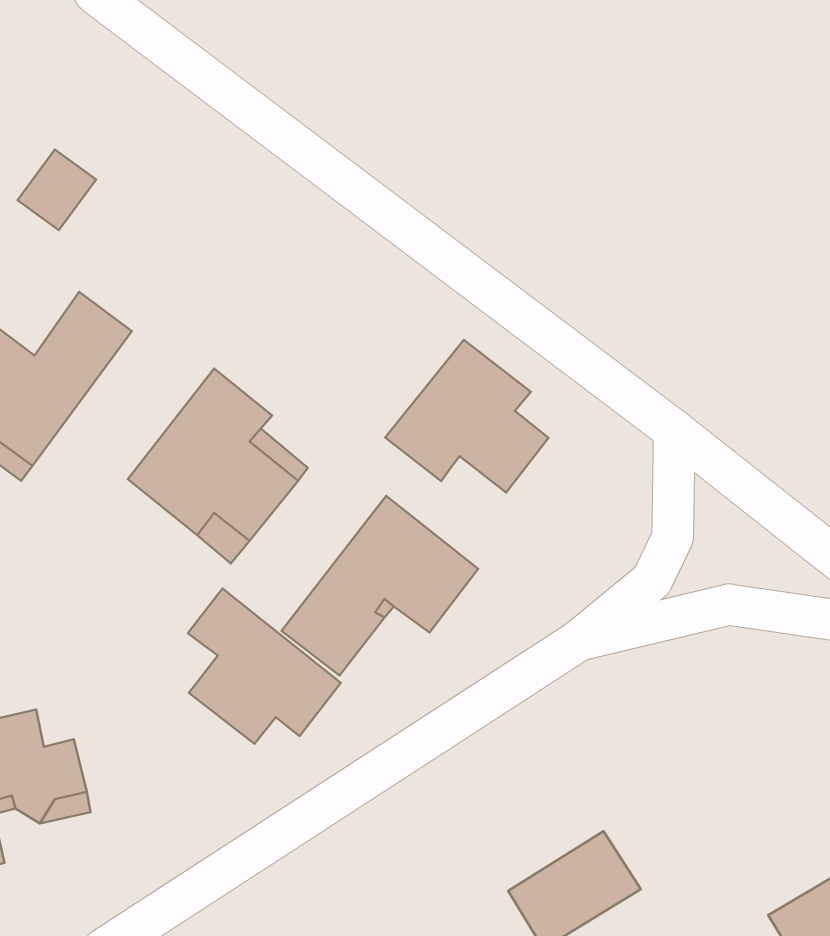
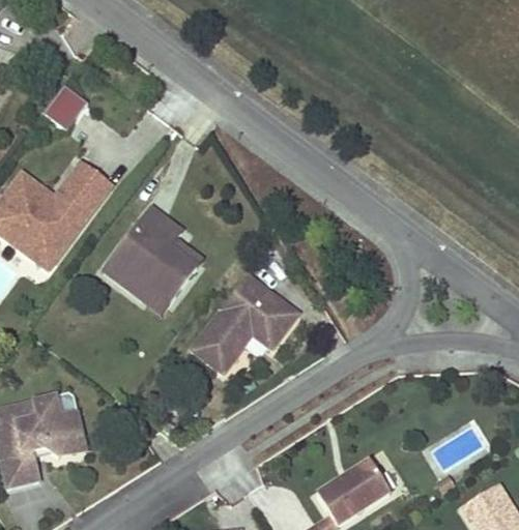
building: [385,340,549,492] -> none
building: [188,589,341,744] -> none

